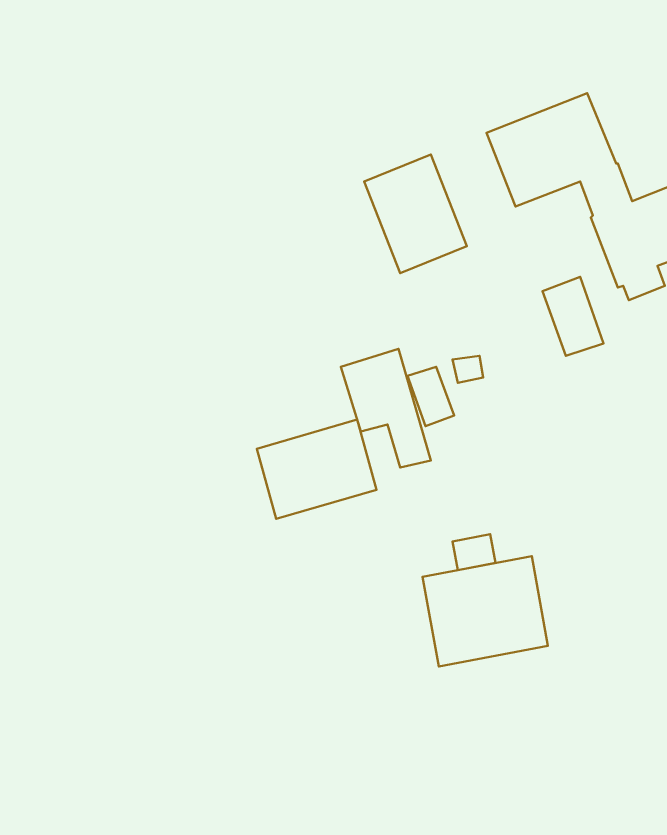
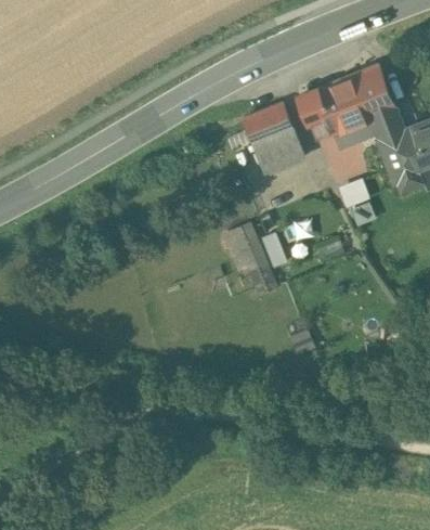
building: none -> [296,90,331,142]
building: [257,420,376,519] -> none
building: [423,556,548,666] -> none

